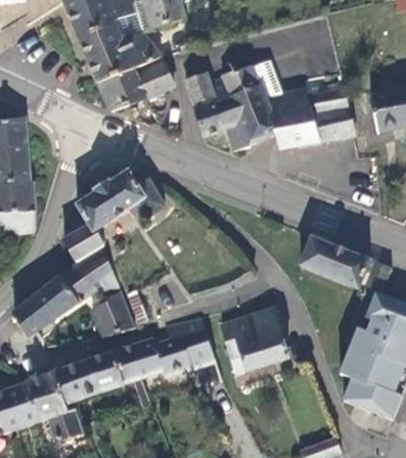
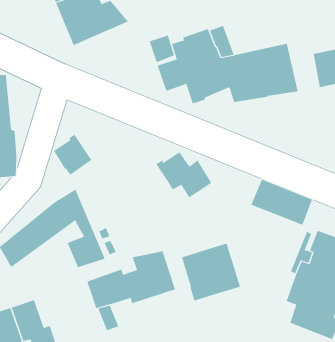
building: [98,56,175,110] -> none
building: [100,170,165,223] -> [155,151,212,198]
building: [62,224,103,262] -> none
building: [54,352,125,404] -> none

